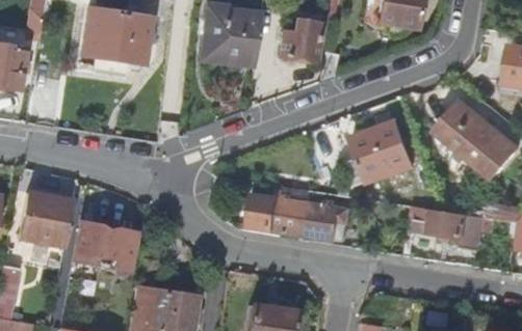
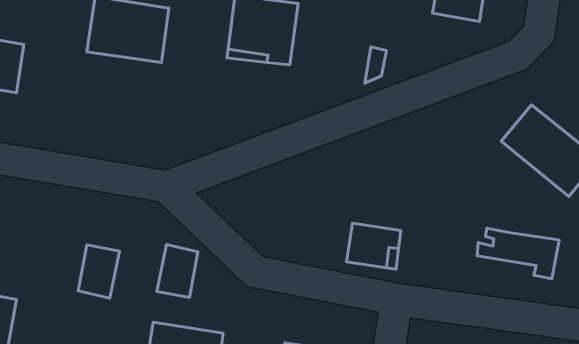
building: [281,19,322,61] -> none
building: [354,120,415,184] -> none
building: [252,190,310,236] -> none
building: [21,192,74,248] -> none
building: [101,226,136,272] -> [157,244,198,298]

